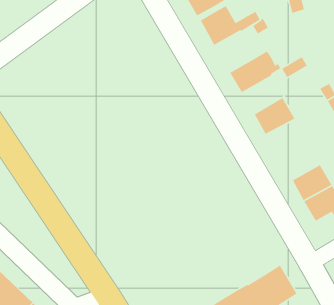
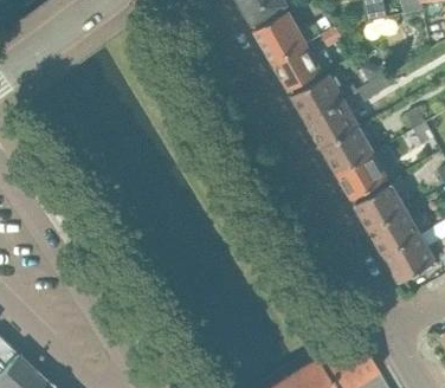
building: none -> [273,44,334,91]
building: none -> [308,99,361,148]
building: none -> [337,154,389,200]
building: none -> [355,185,406,231]

